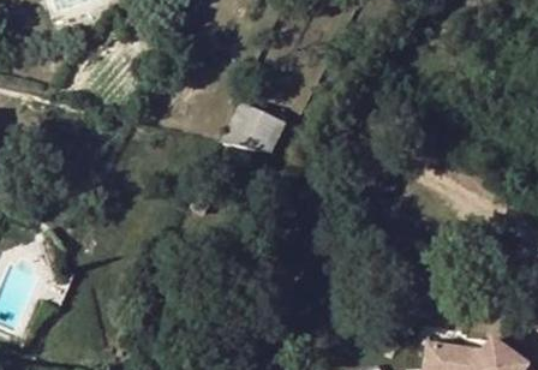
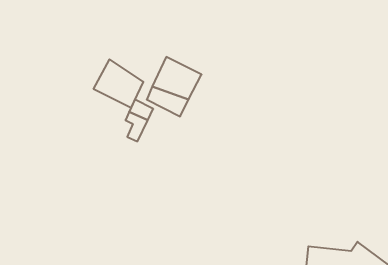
building: none -> [94,59,143,108]

